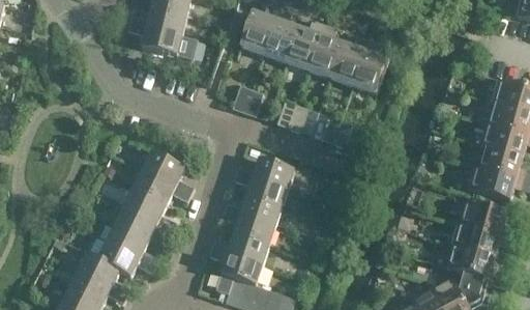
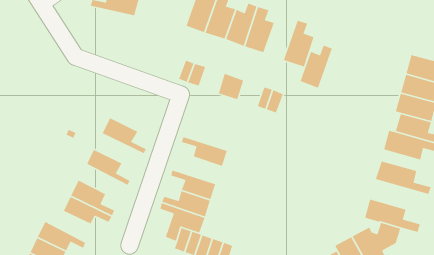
building: [128,22,197,58] -> none
building: [330,33,369,84] -> [300,44,333,89]
building: [237,158,295,188] -> none
building: [135,168,193,202] -> none
building: [225,195,283,226] -> none
building: [117,203,174,237] -> none
building: [451,221,520,255] -> none
building: [79,251,131,293] -> none

